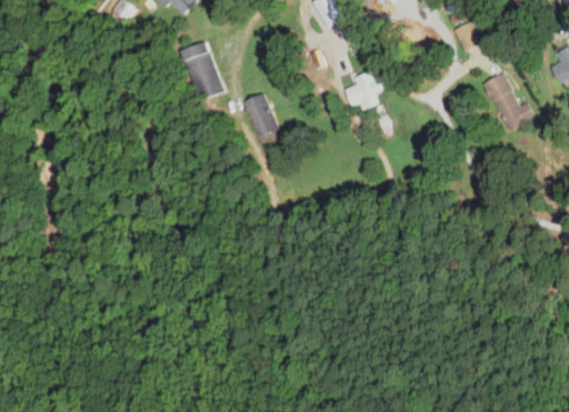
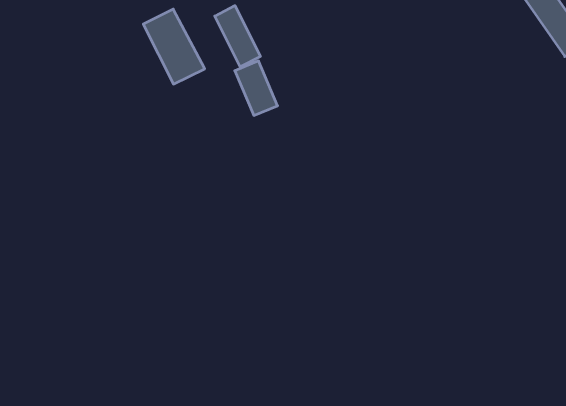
building: none -> [215,6,260,67]
building: [347,71,382,105] -> none

